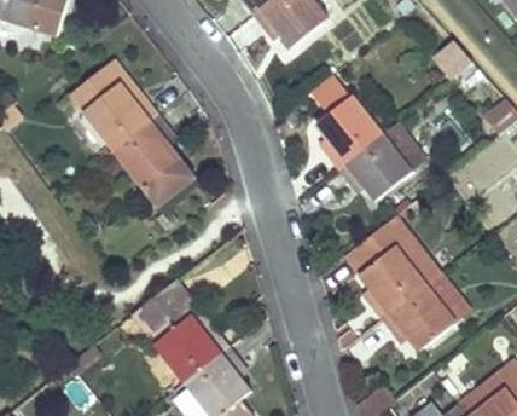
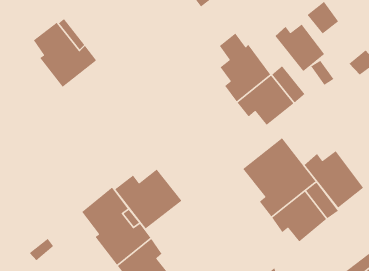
building: none -> [275,23,325,73]
building: [112,115,193,207] -> none
building: none -> [304,150,364,209]
building: none -> [114,168,182,230]

